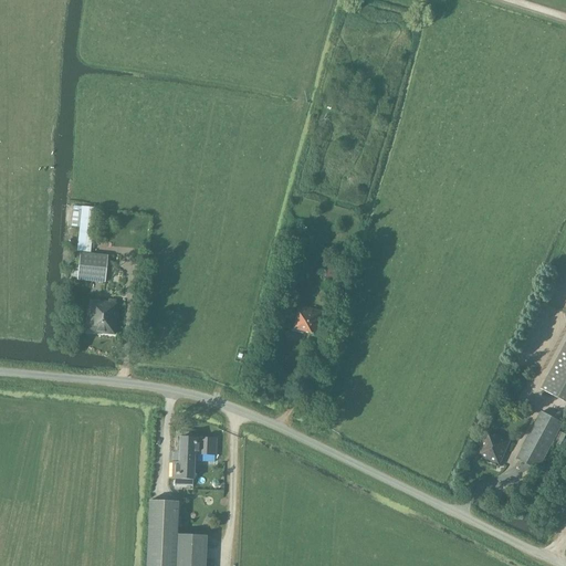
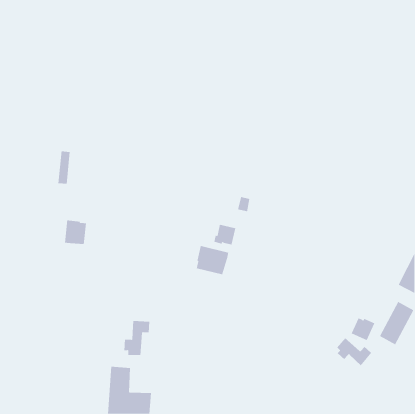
building: [78,252,108,281] -> none
building: none -> [196,245,229,275]
building: none -> [336,338,372,366]

